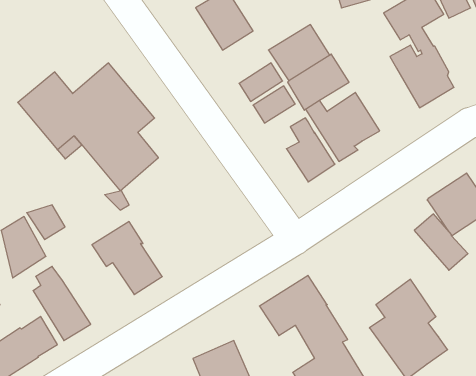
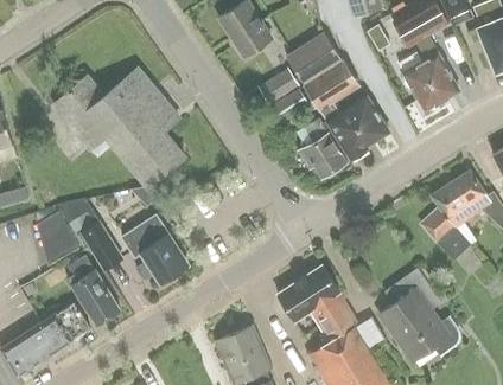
building: none -> [78,219,122,270]

